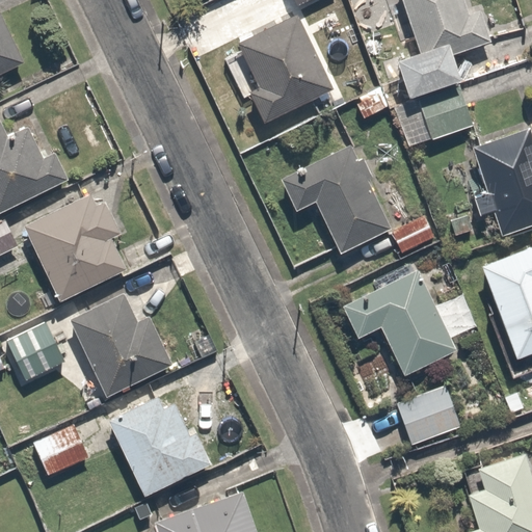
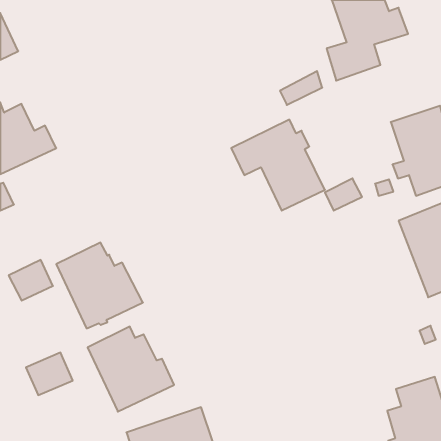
building: [235,12,332,123] -> none
building: [395,86,473,148] -> none
building: [23,193,127,300] -> none
building: [341,270,457,377] -> none
building: [397,387,462,447] -> none

